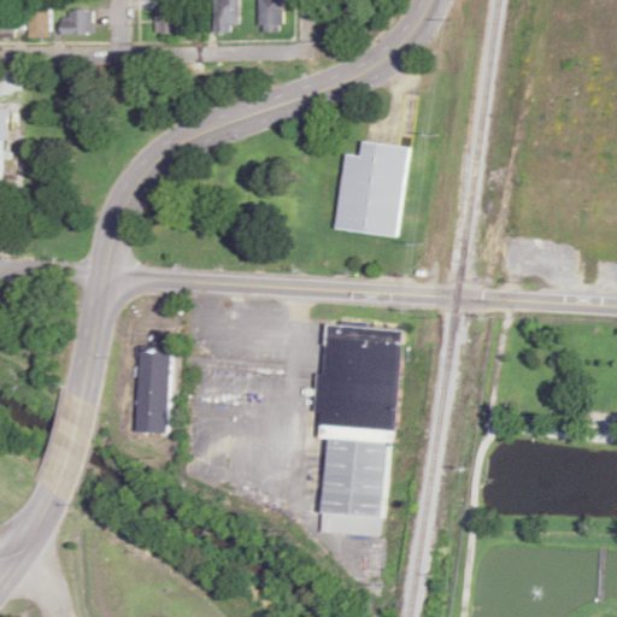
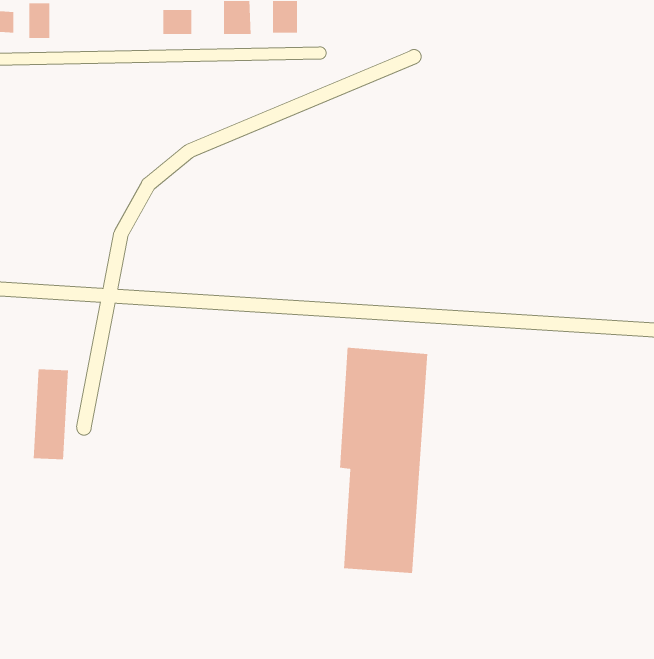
building: [60,8,89,36] -> none
building: [334,142,405,237] -> none
building: [145,348,178,434] -> [33,369,69,460]

